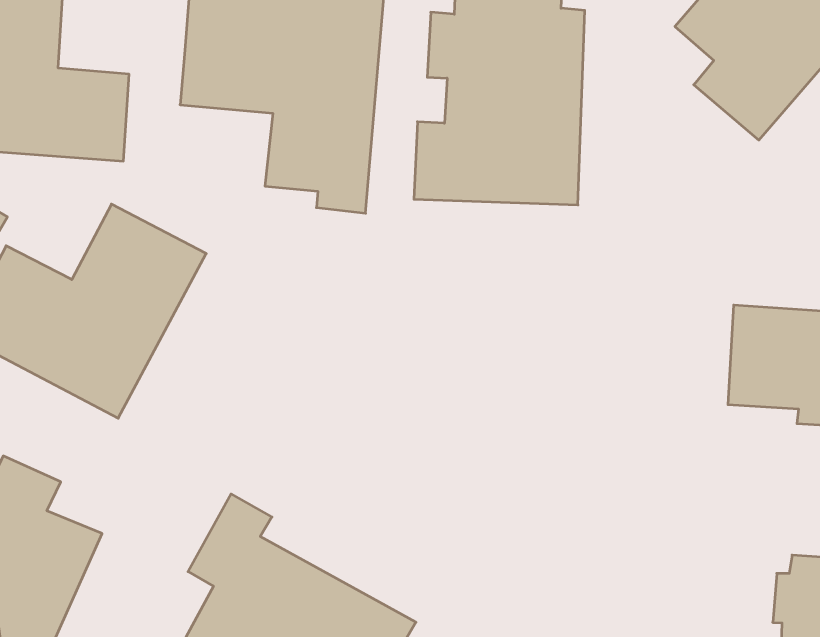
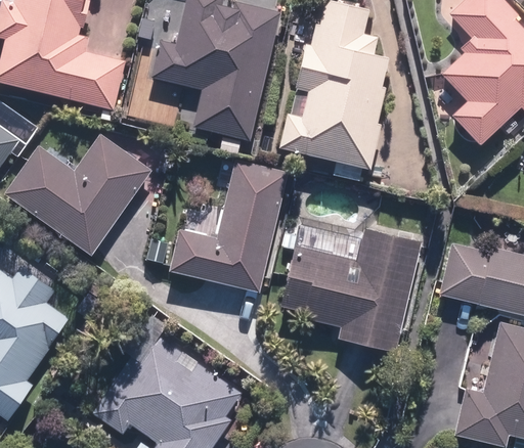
building: none -> [165,166,286,294]
building: none -> [275,223,420,352]

